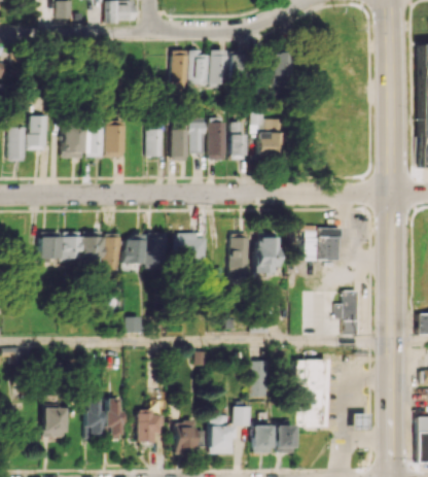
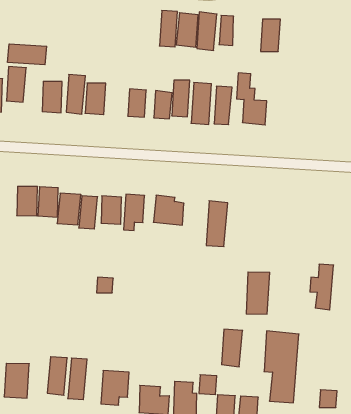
building: none -> [8,44,47,65]
building: [307,227,340,261] -> none
building: [256,232,278,274] -> [246,272,270,314]

